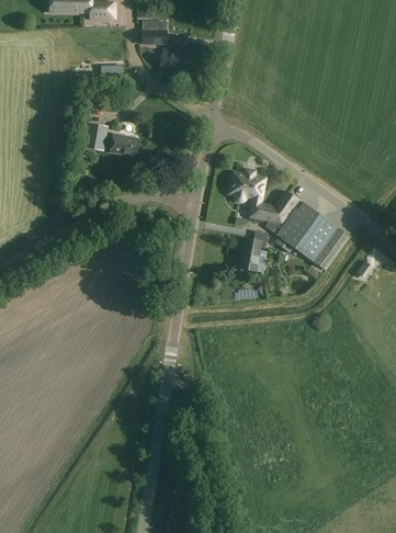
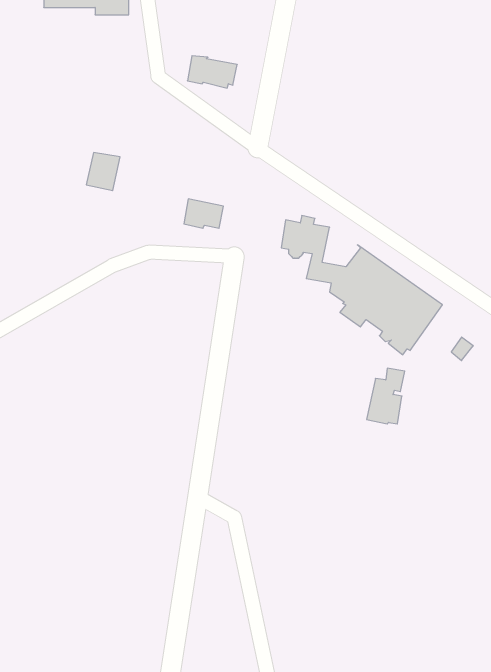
building: [140,20,166,42] -> none
building: [109,132,138,154] -> [184,199,223,228]
building: [238,229,267,271] -> [367,368,405,424]

